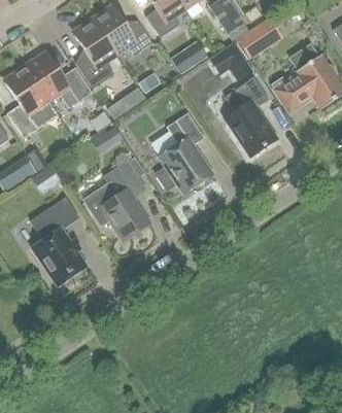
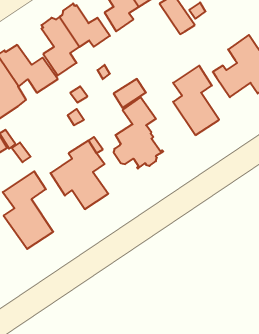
building: [238,23,271,55] -> none
building: [168,39,205,72] -> [114,79,146,108]
building: [210,42,252,79] -> none

